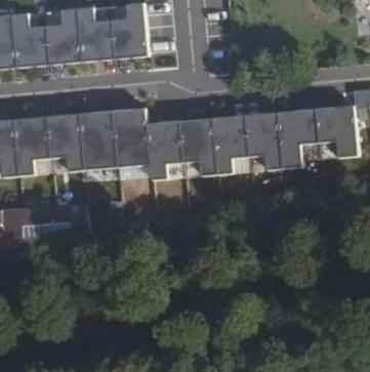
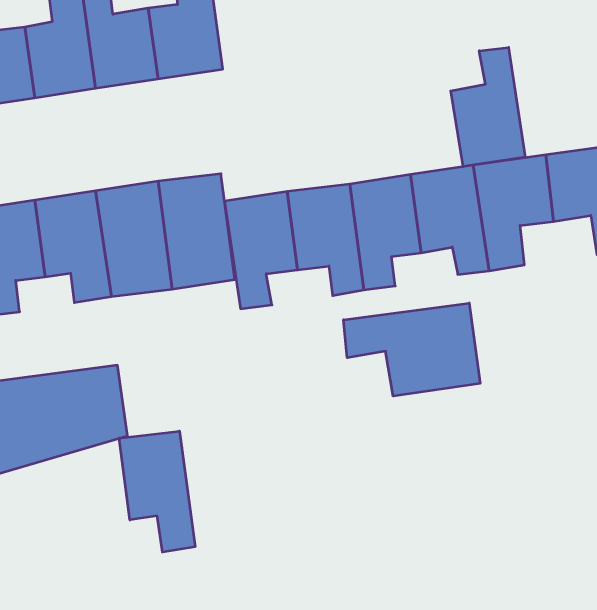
building: none -> [451,47,525,167]
building: none -> [344,303,480,396]
building: none -> [119,431,195,552]

